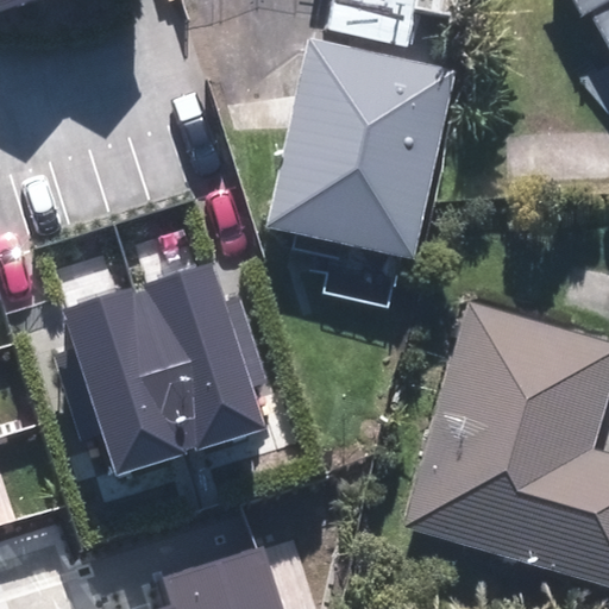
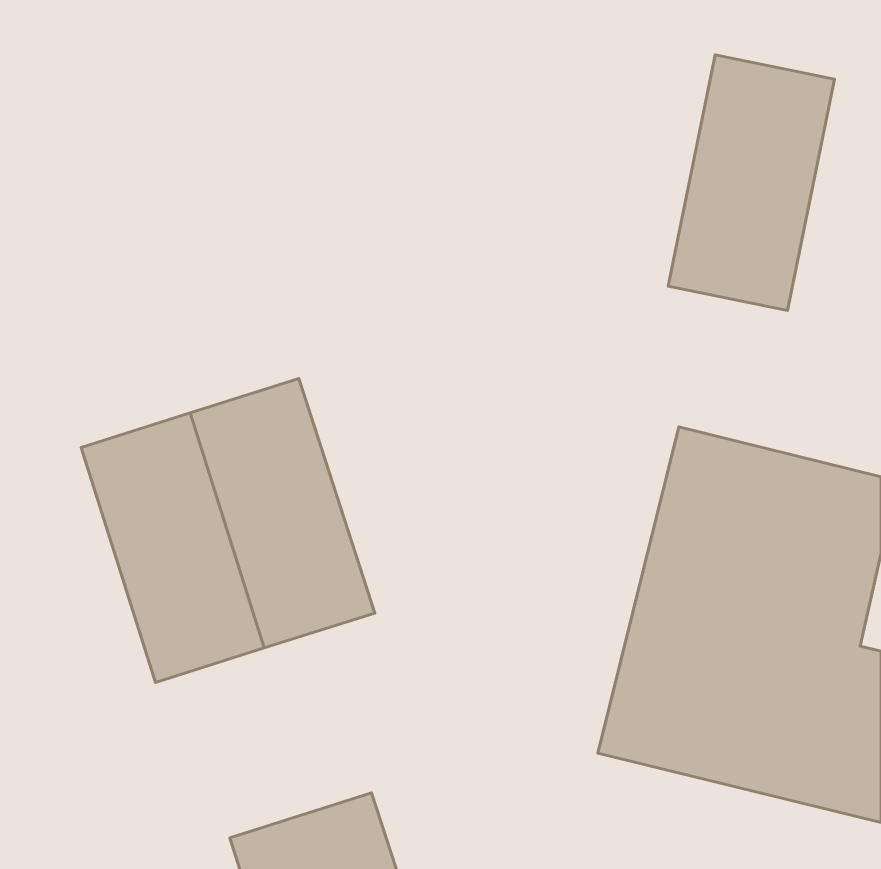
building: [288,29,459,243] -> none
building: none -> [668,55,835,311]

